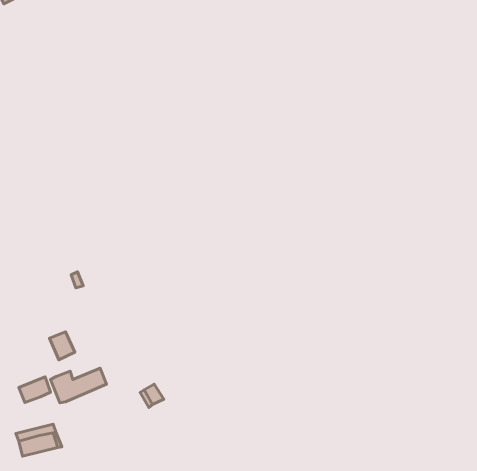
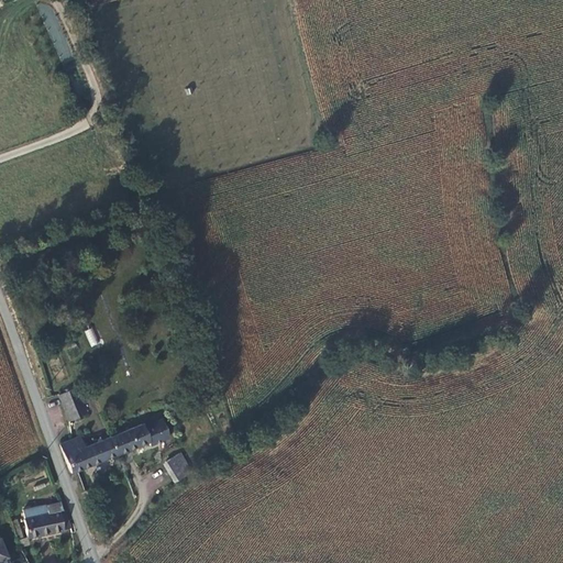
building: none -> [118,417,172,452]
building: [19,377,50,402] -> none

